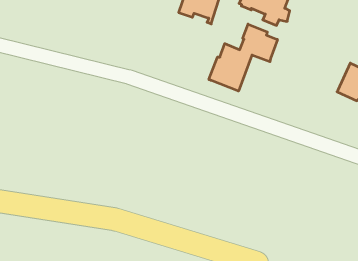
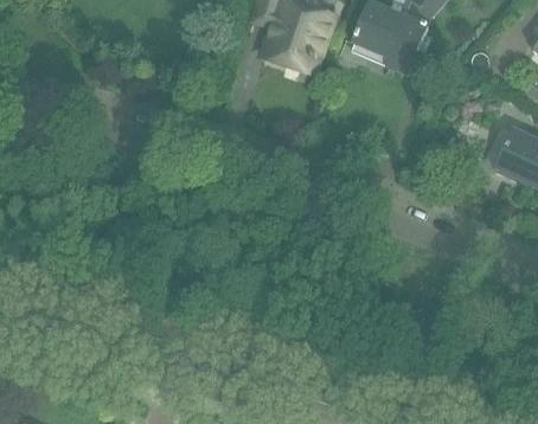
building: [209,24,277,91] -> none

